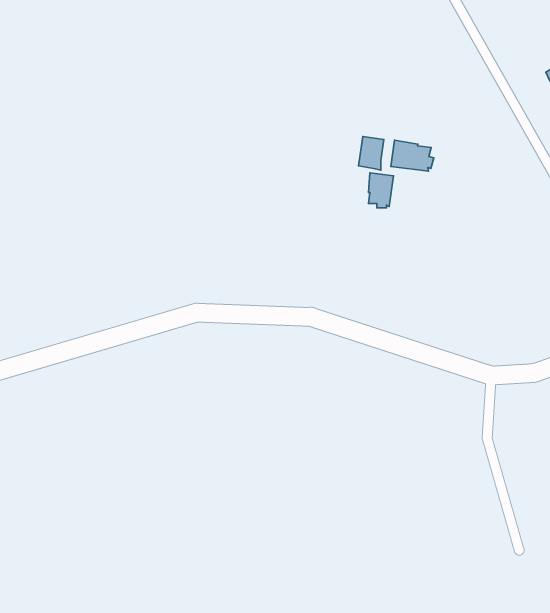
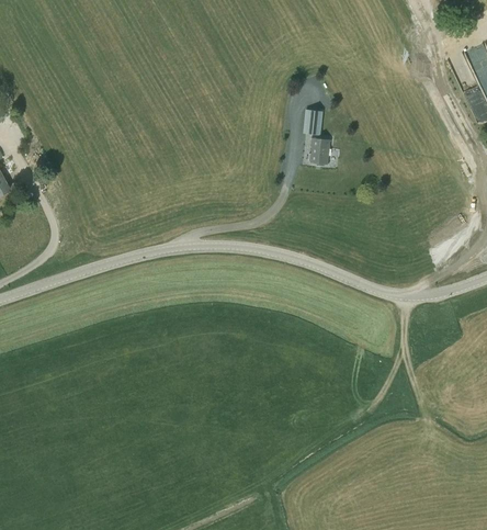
building: [391,140,434,171] -> none

